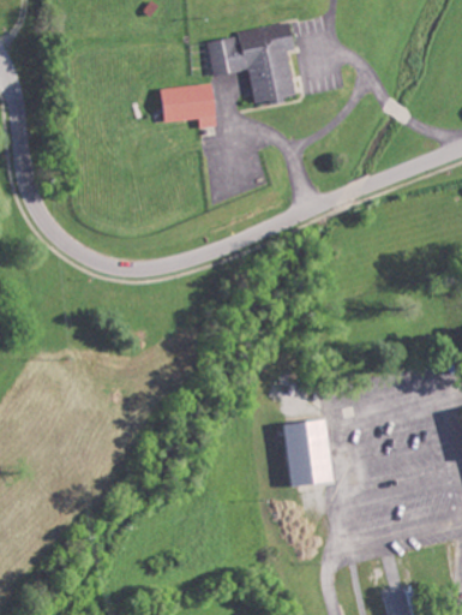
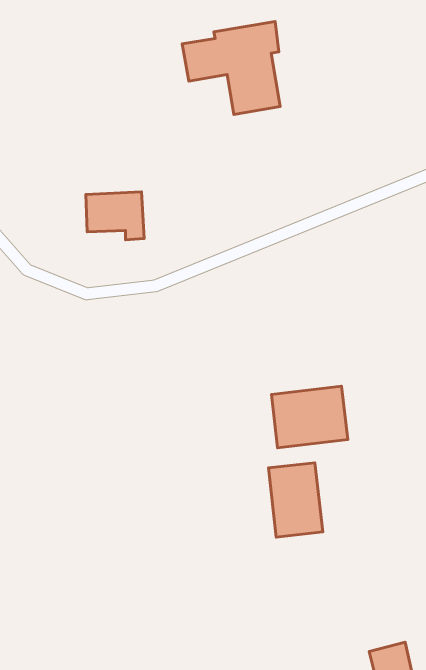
building: [163,85,216,129] -> [86,192,144,240]
building: none -> [271,386,348,448]

